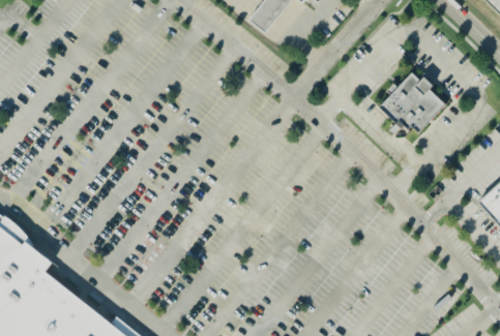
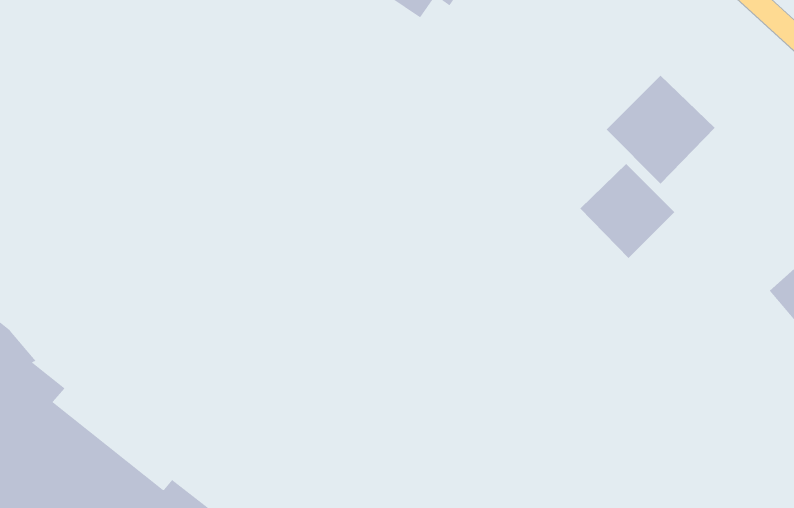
building: none -> [579,163,675,259]

